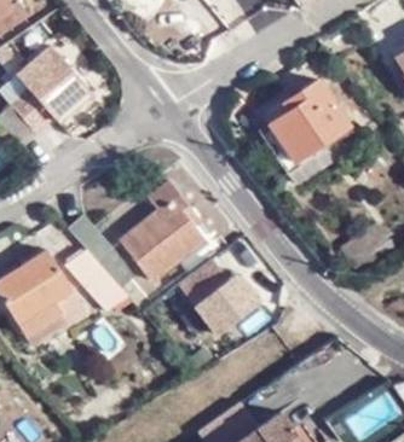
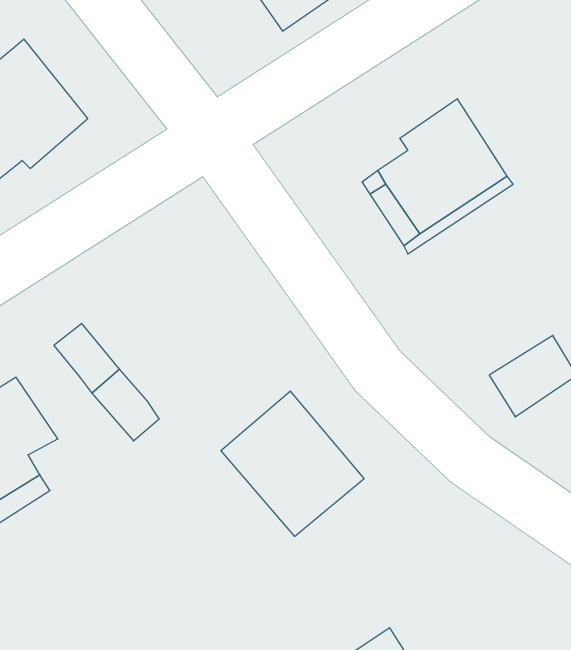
building: [123,179,206,278] -> none
building: [69,249,125,309] -> none

